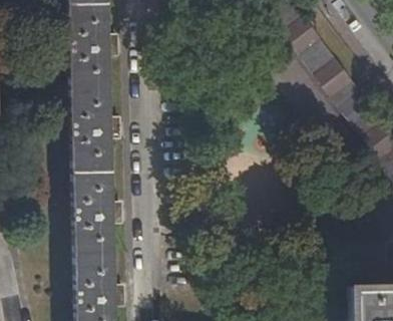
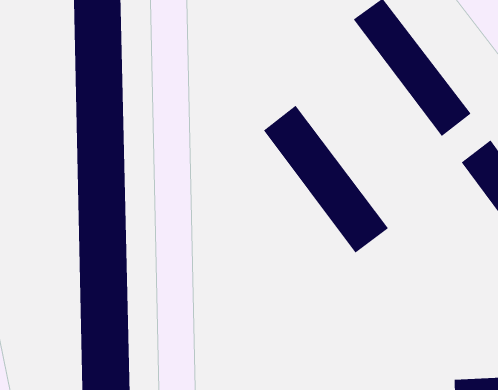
building: none -> [263,105,389,253]

